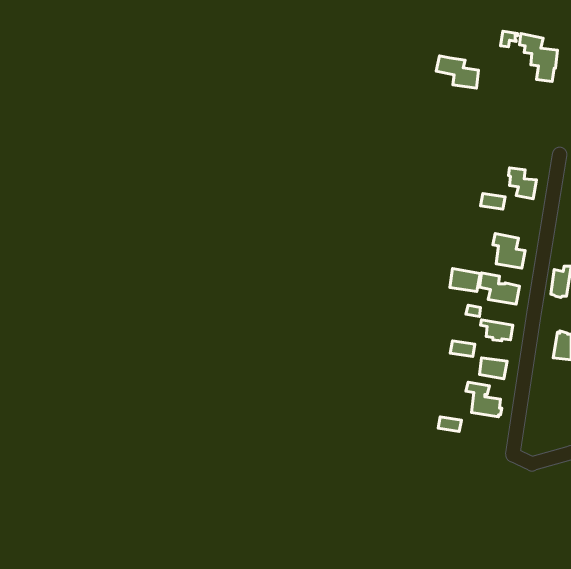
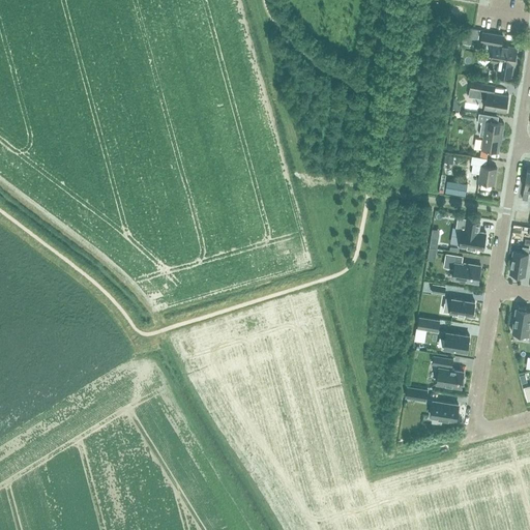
building: [436,56,479,88] -> [469,83,508,113]
building: none -> [478,115,504,154]
building: [450,268,480,291] -> none
building: none -> [431,402,459,424]

